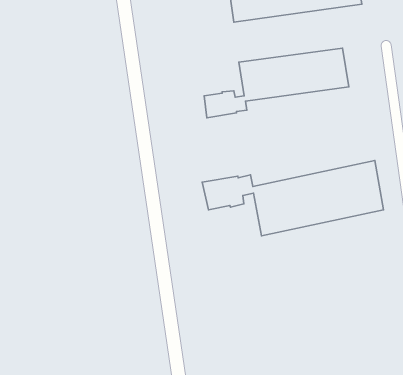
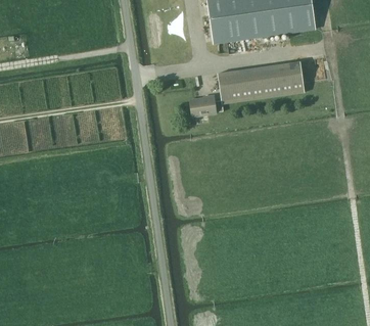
building: [202,160,384,236] -> none

